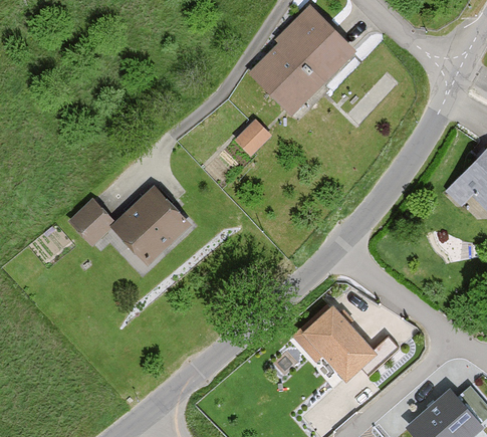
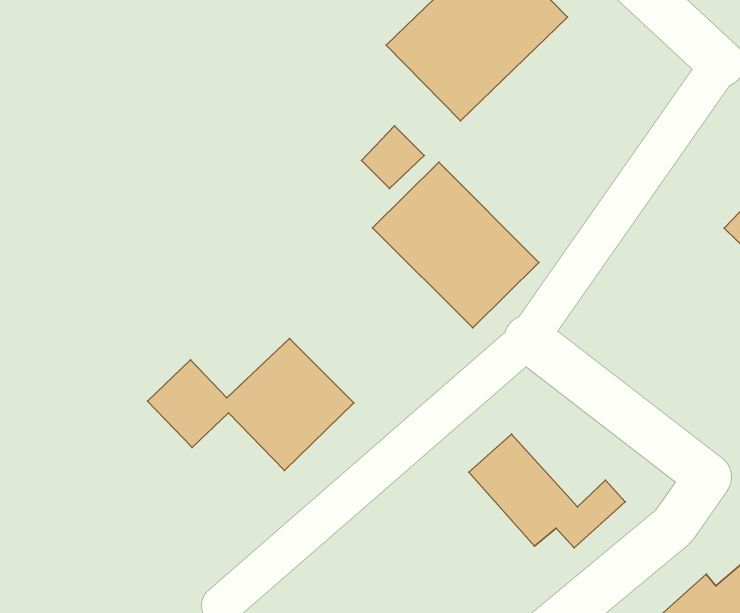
building: none -> [373,162,539,328]
building: [66,183,192,263] -> [148,339,354,470]

